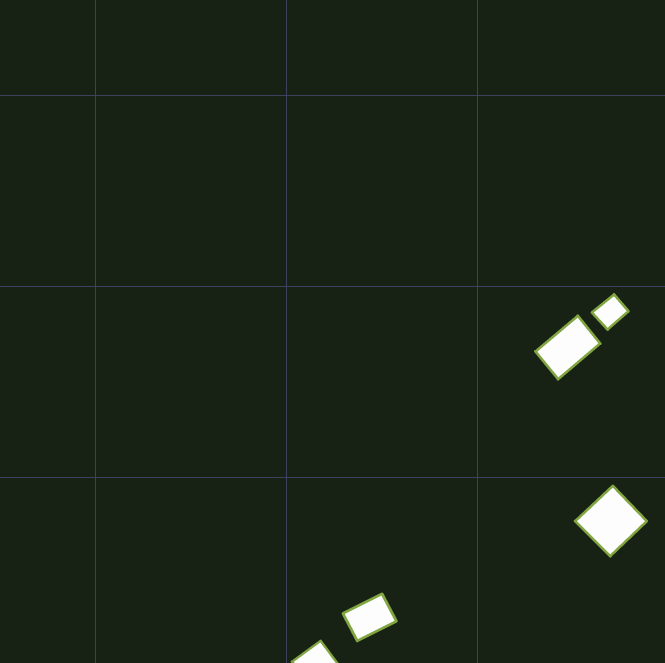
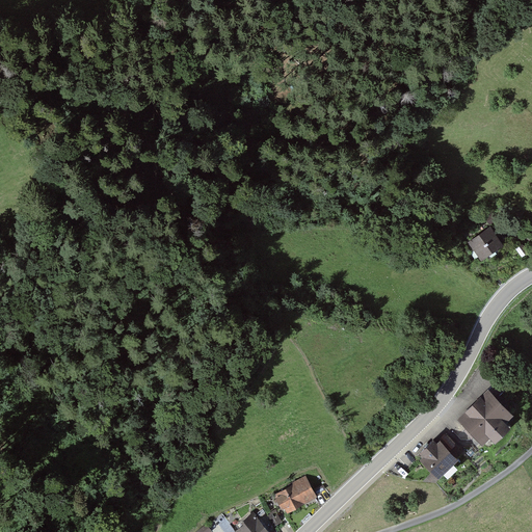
building: [535,316,600,379] -> none
building: none -> [418,435,460,478]

